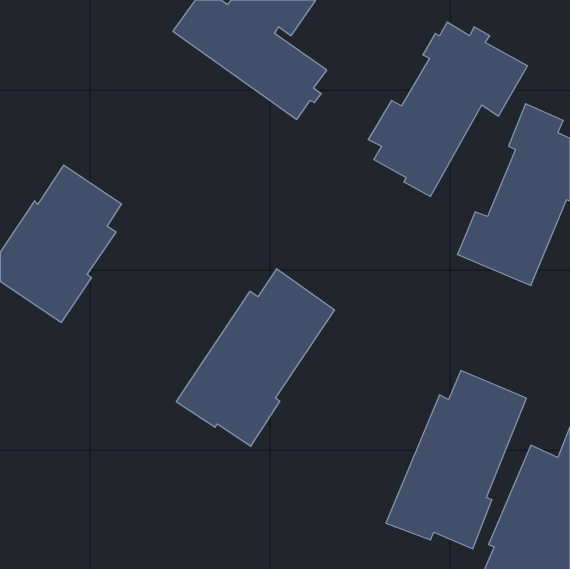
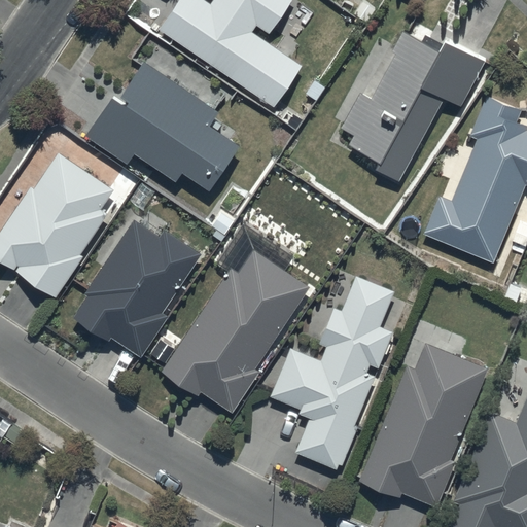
building: none -> [87,62,242,191]
building: none -> [74,220,202,355]
building: none -> [271,276,393,471]

